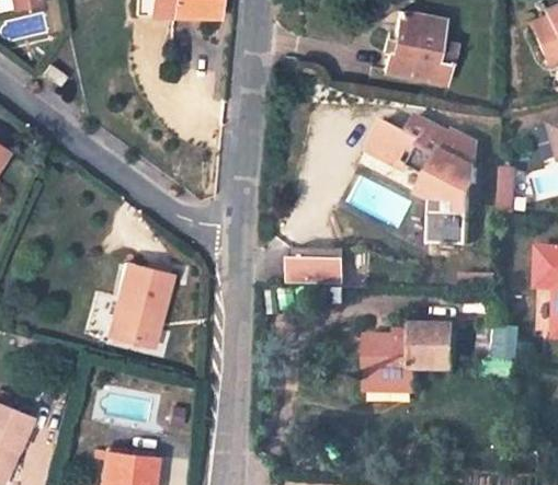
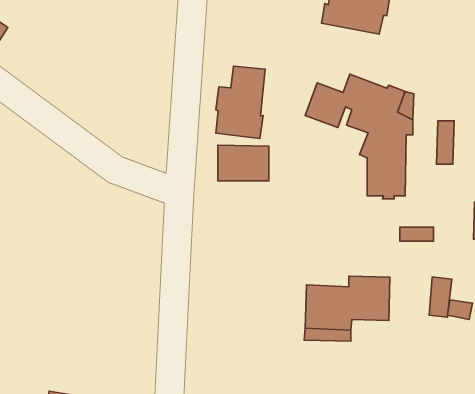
building: none -> [216,66,265,139]
building: [292,250,343,286] -> [218,145,269,181]
building: [110,255,175,339] -> none

